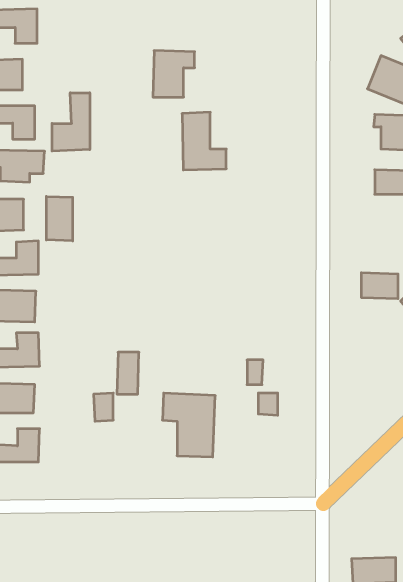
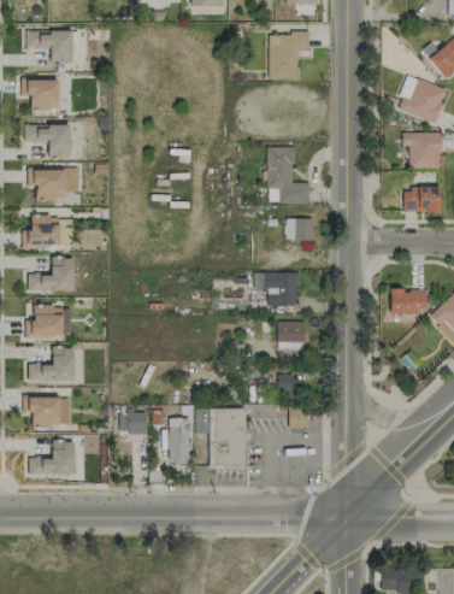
building: [153,51,195,97] -> [269,34,309,80]
building: [52,93,90,151] -> none
building: [182,112,226,170] -> [266,147,309,204]
building: [46,196,73,241] -> none
building: none -> [285,219,312,241]
building: none -> [254,274,299,306]
building: none -> [277,322,305,351]
building: [117,352,139,394] -> [169,418,190,459]

